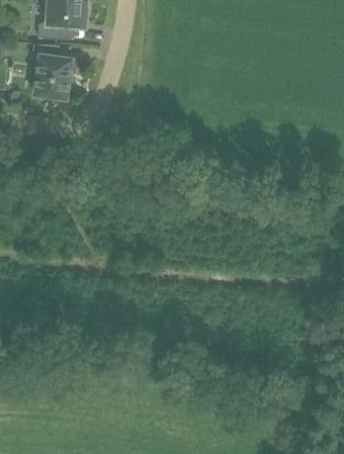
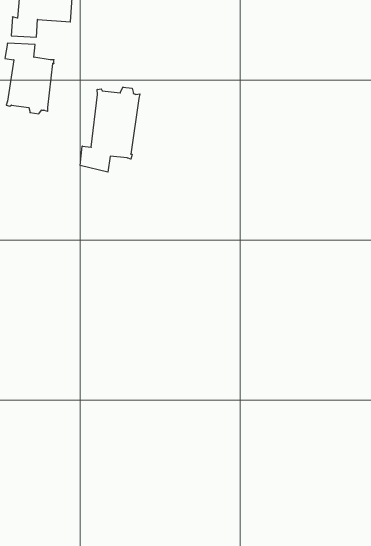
building: none -> [80,87,140,172]

